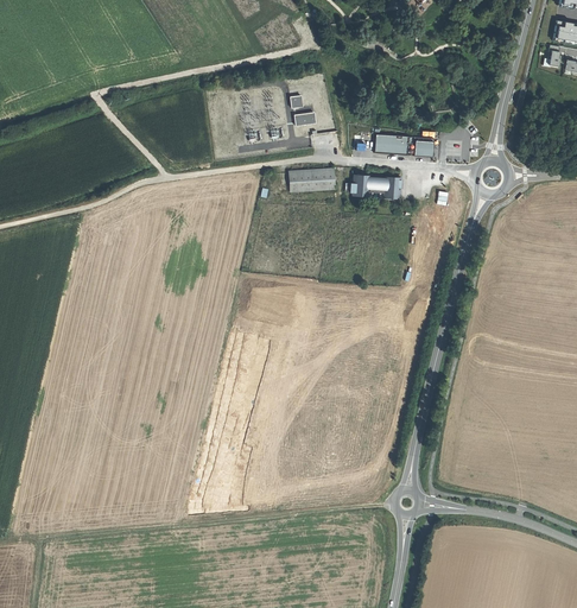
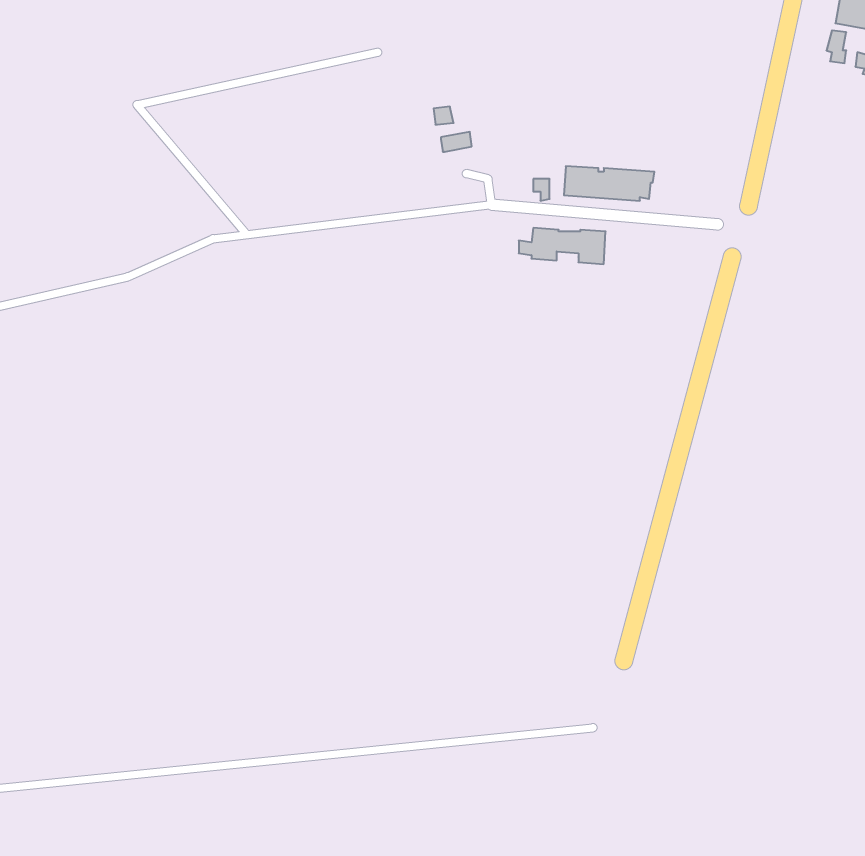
building: [288,167,336,192] -> none

